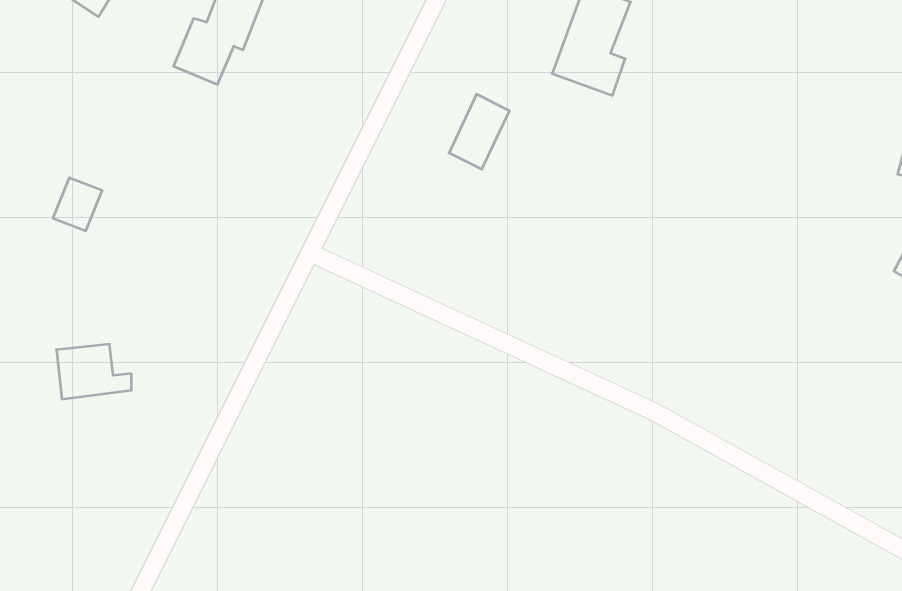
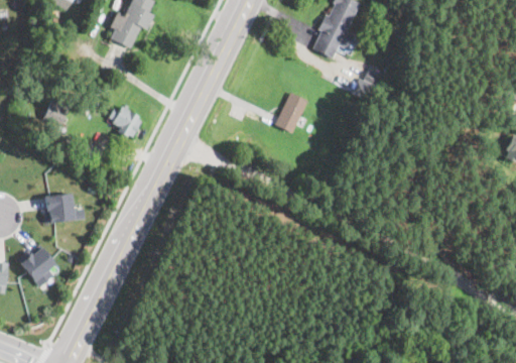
building: [449,94,509,169] -> [275,92,308,133]
building: none -> [107,105,143,138]
building: none -> [17,242,56,287]

